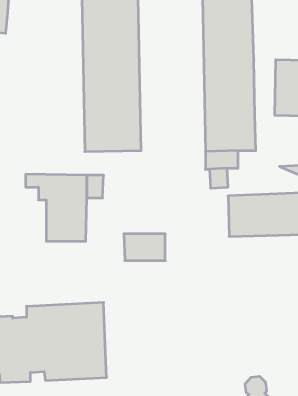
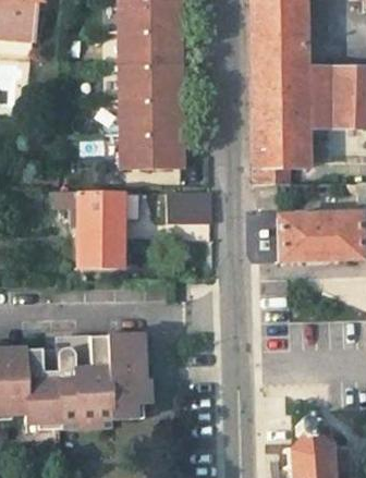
building: none -> [307,68,331,128]
building: [124,234,165,261] -> [168,193,214,222]

